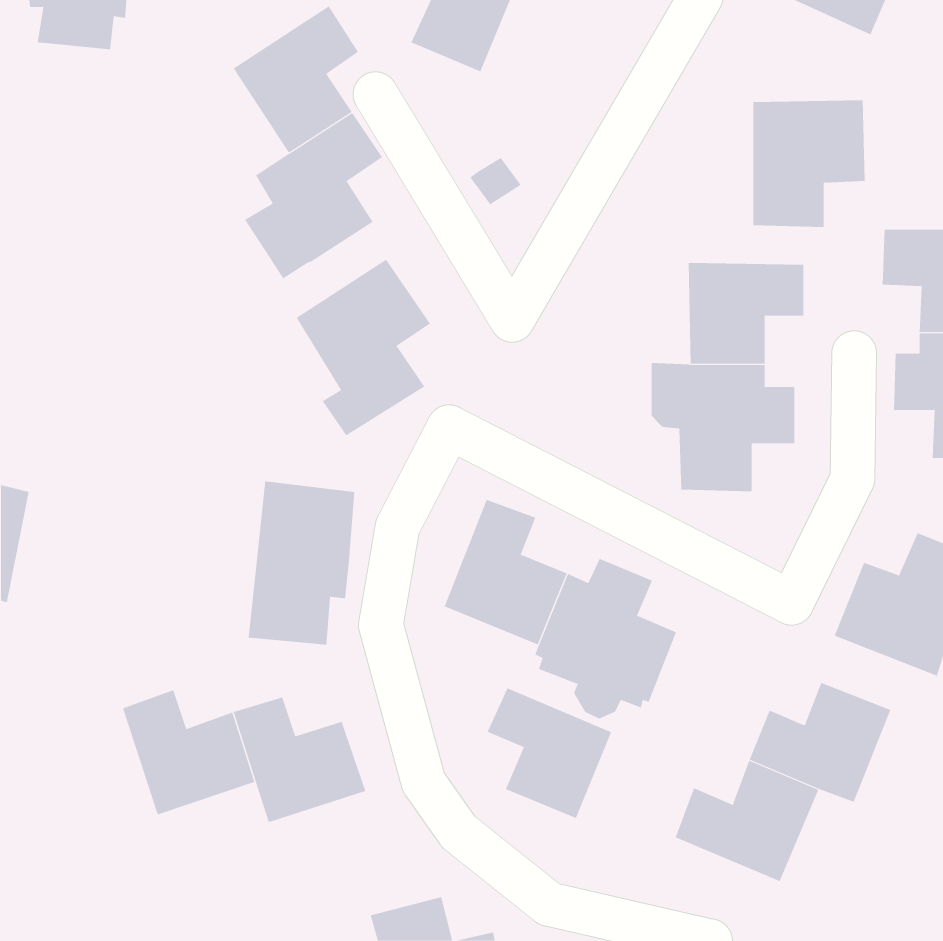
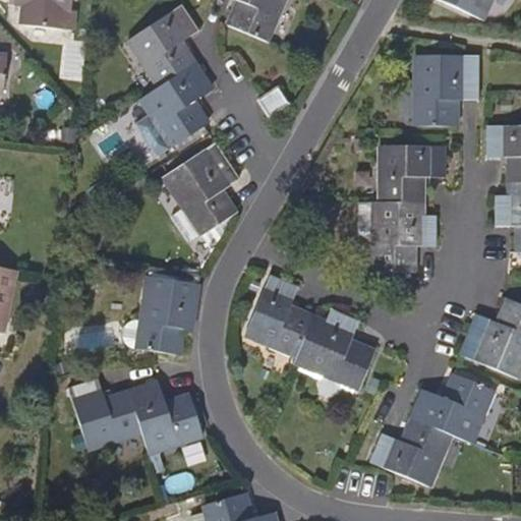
building: [487,688,612,819] -> none

